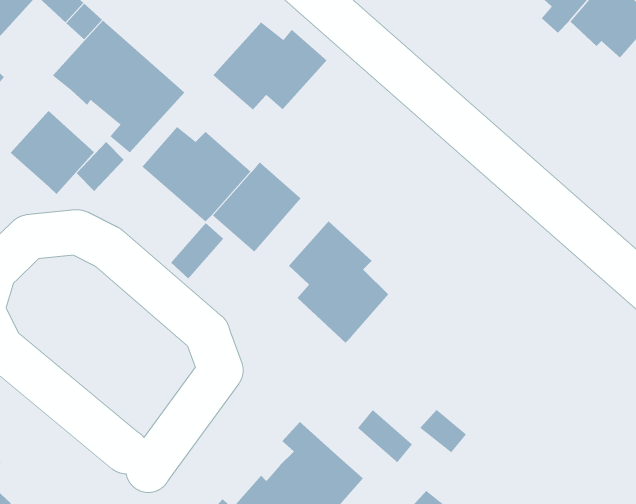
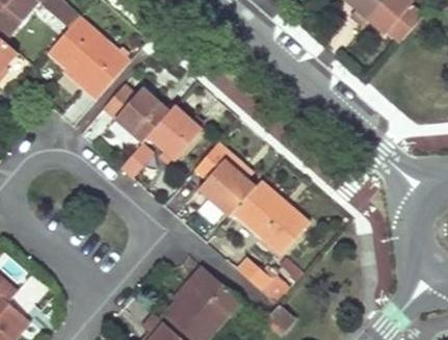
building: [213,21,328,110] -> none
building: [10,110,95,195] -> none
building: none -> [233,179,309,254]

